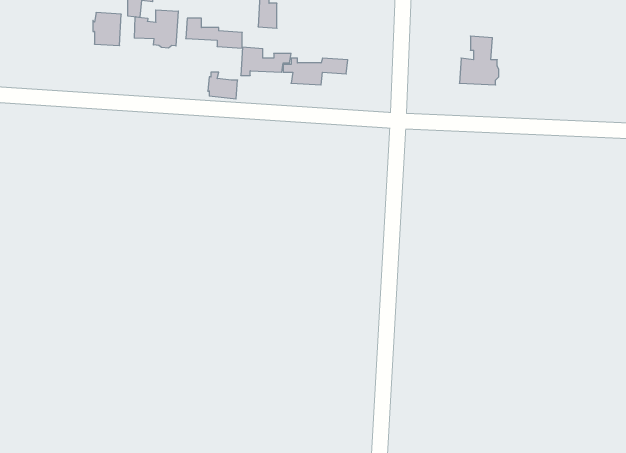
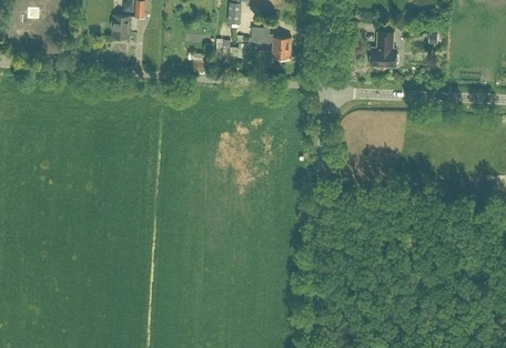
building: [134,10,178,48] -> none
building: [186,18,242,48] -> [251,27,291,48]

